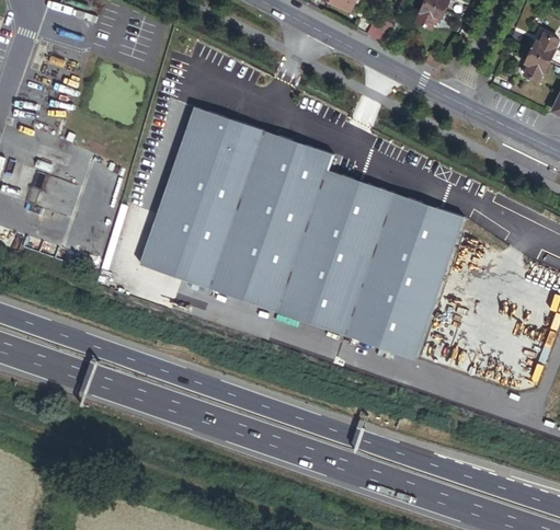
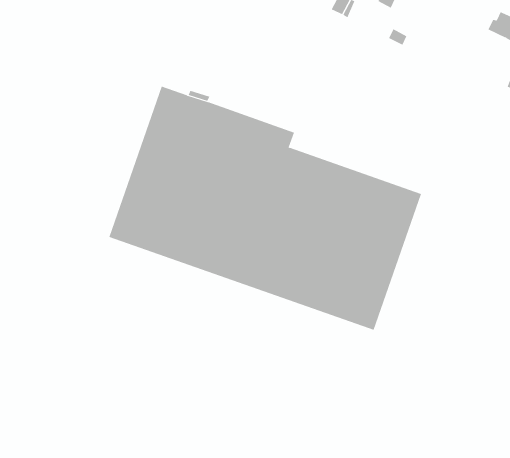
building: [525,49,550,79] -> none

